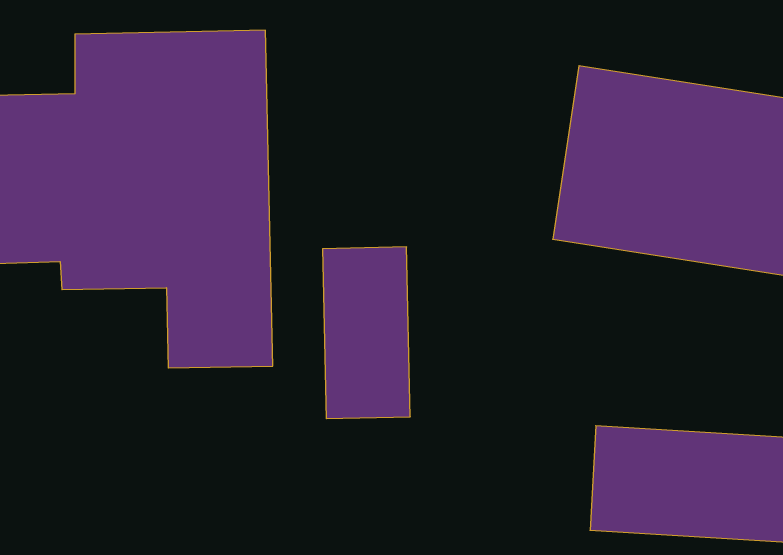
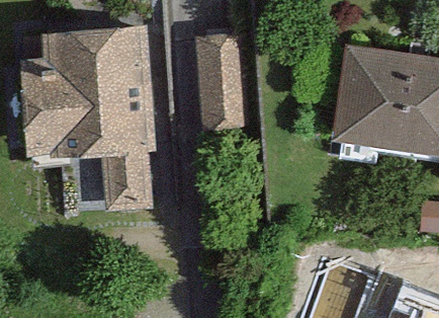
building: [323,247,410,419] -> [199,38,247,132]

